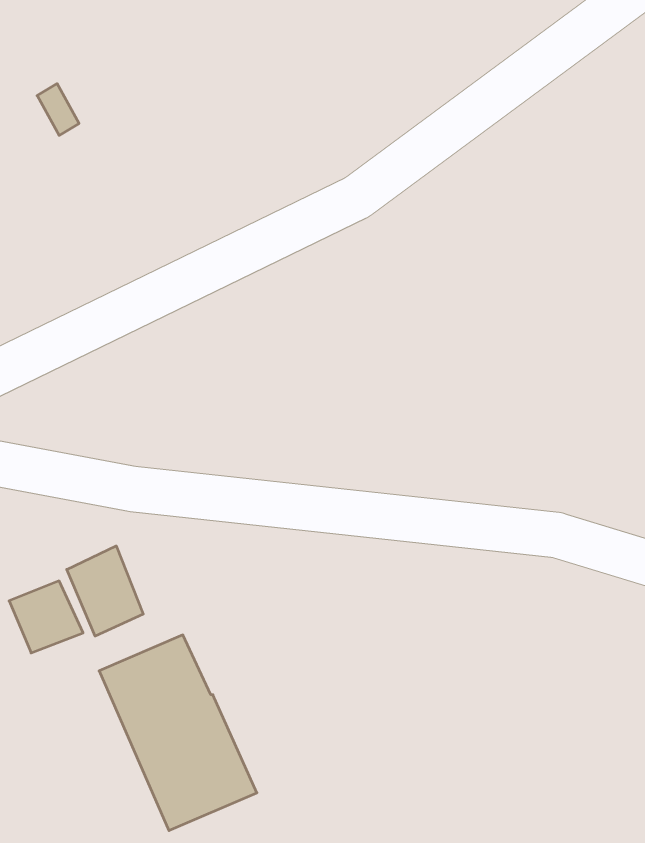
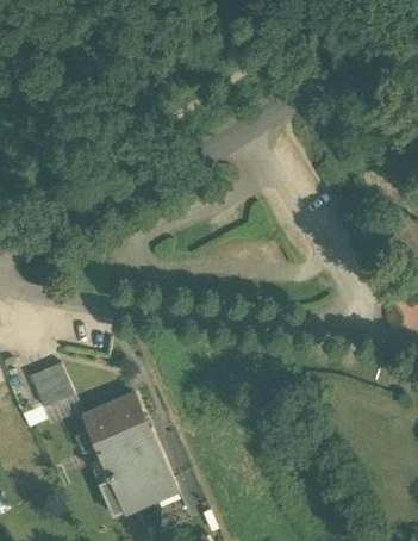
building: [67,546,143,636] -> none

